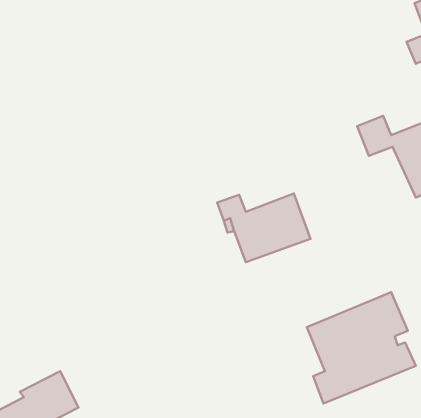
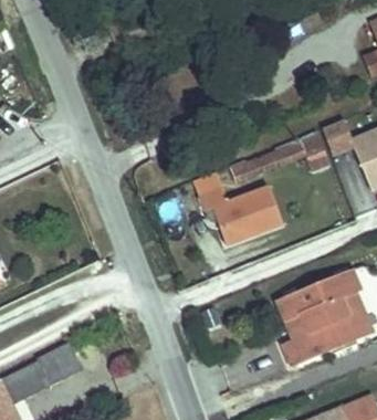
building: none -> [230,135,328,181]

